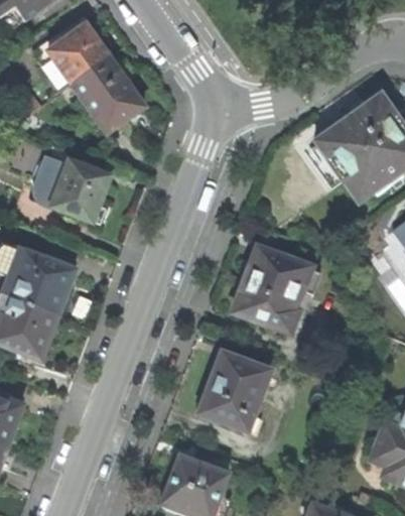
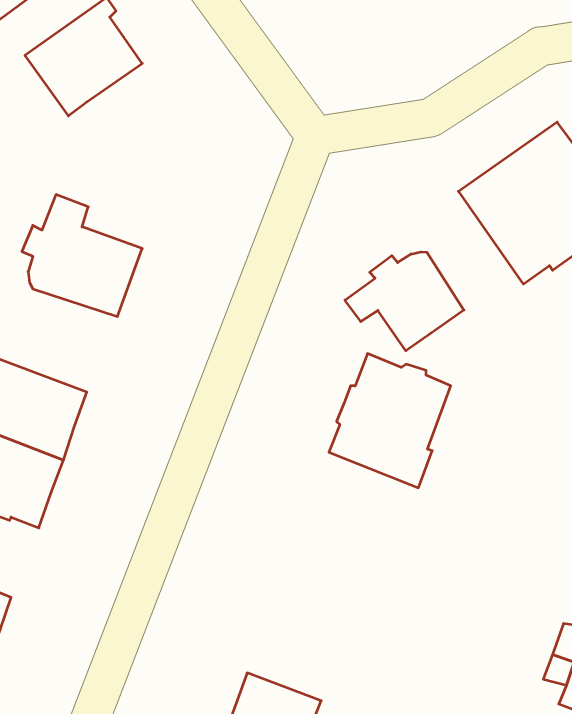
building: [74,56,145,131] -> none
building: none -> [345,252,464,351]
building: [199,352,269,430] -> none

